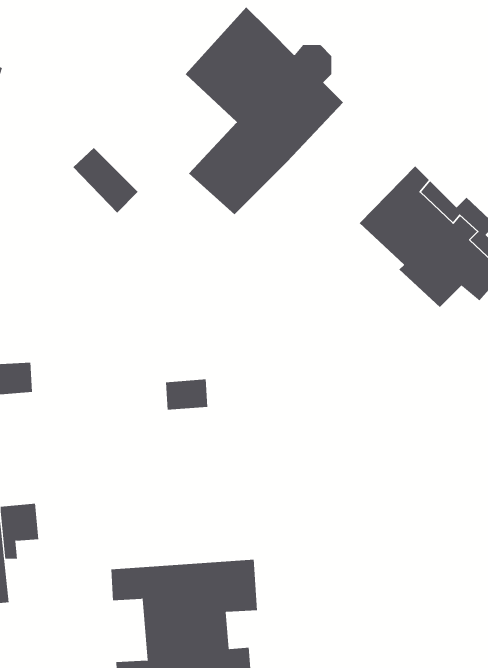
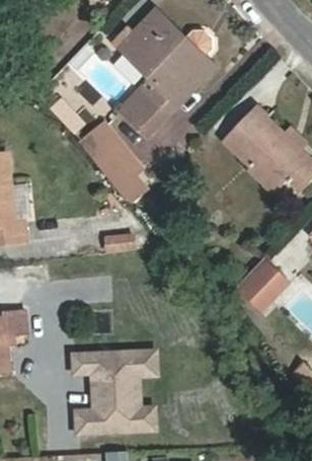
building: none -> [90,127,154,203]
building: none -> [235,254,292,311]

